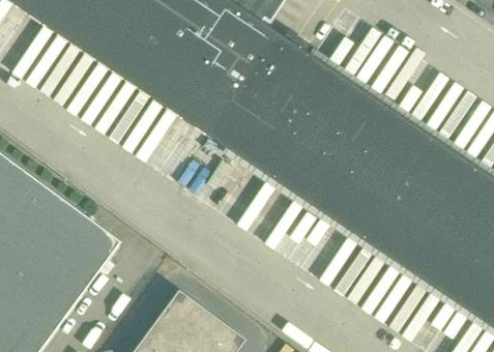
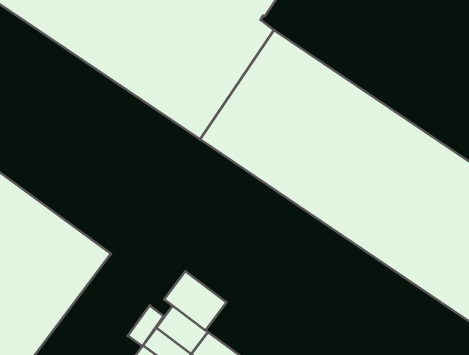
building: none -> [164,271,226,330]
building: none -> [128,305,164,346]

